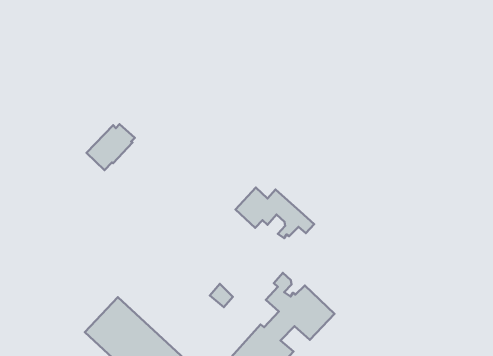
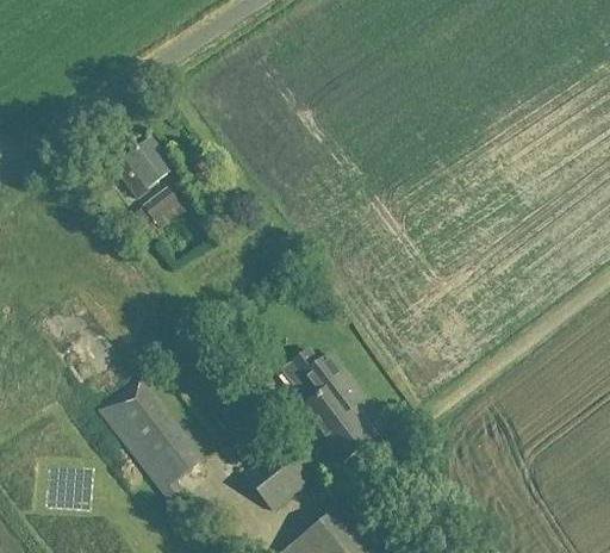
building: none -> [113,137,173,198]
building: [236,188,314,238] -> [282,348,366,409]

